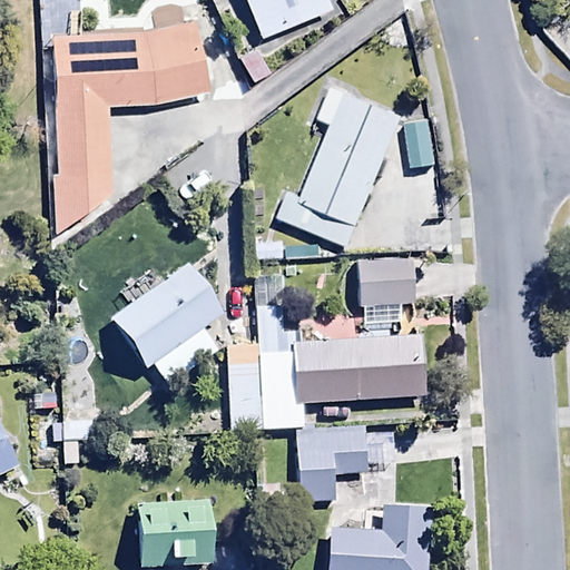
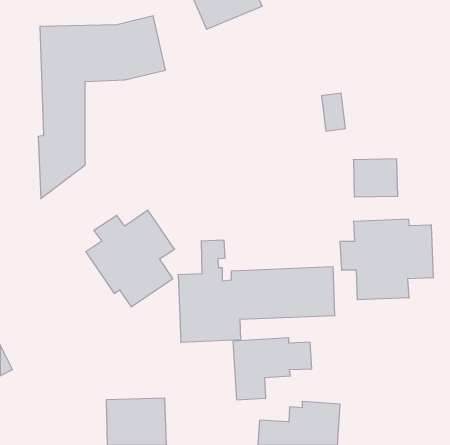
building: [281,83,405,244] -> none
building: [358,257,414,305] -> [353,159,398,197]
building: none -> [340,219,433,300]

